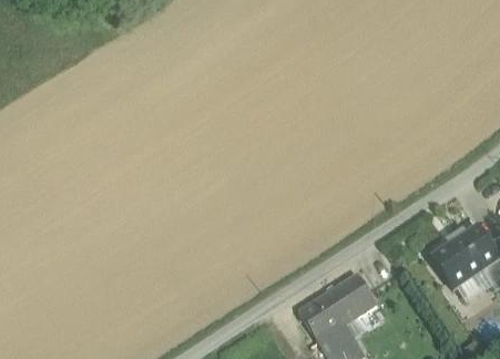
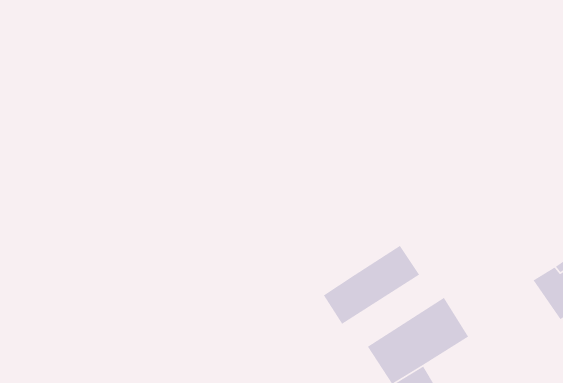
building: none -> [323,245,420,325]

